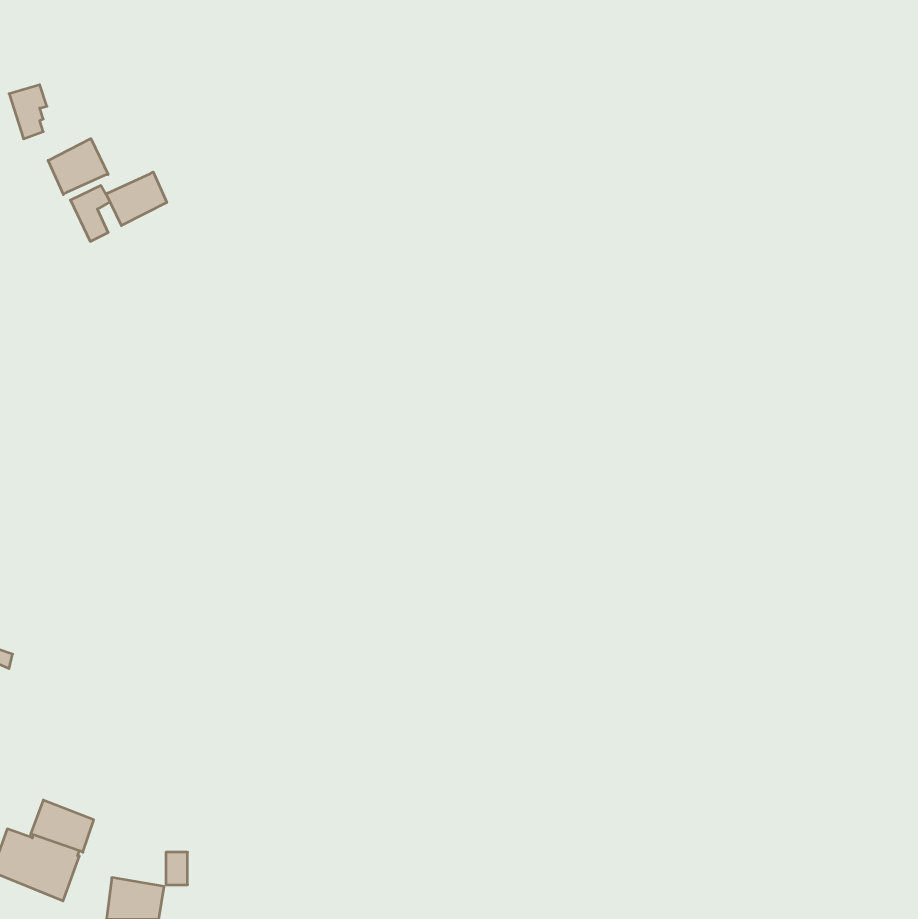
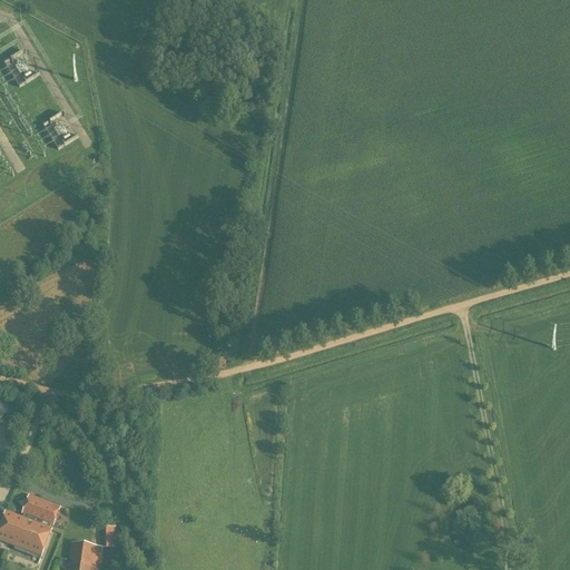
building: [48,139,108,195] -> none
building: [106,172,167,226] -> none

